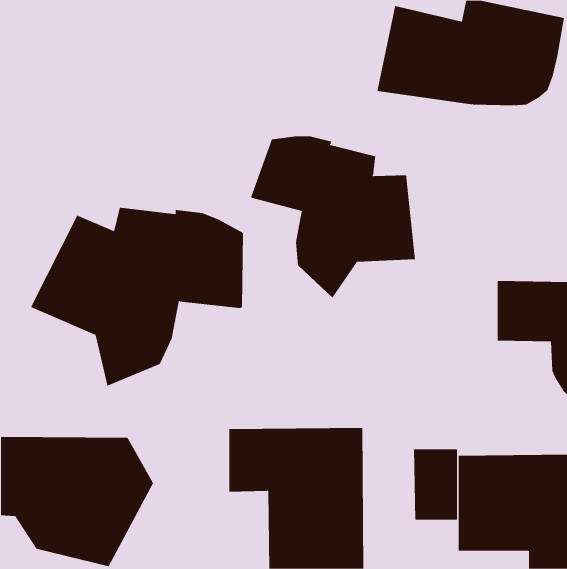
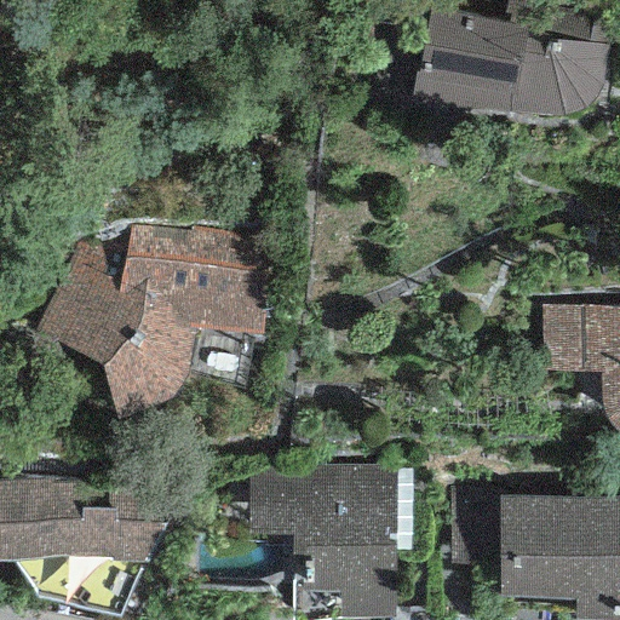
building: [250,136,415,299] -> none

